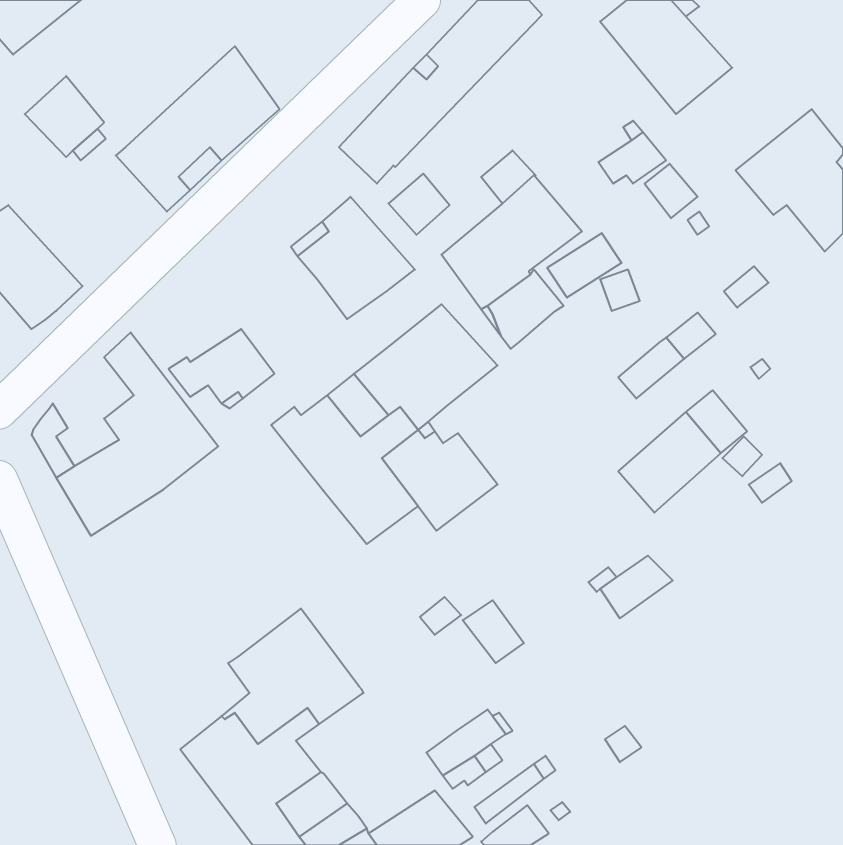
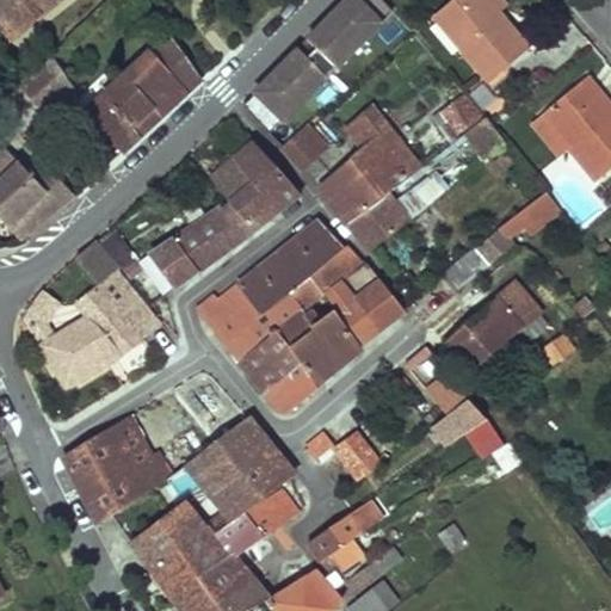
building: none -> [174,202,251,270]
building: none -> [323,263,405,345]
building: none -> [265,365,317,411]
building: none -> [63,415,172,524]
building: none -> [217,418,292,495]
building: none -> [214,488,298,558]

